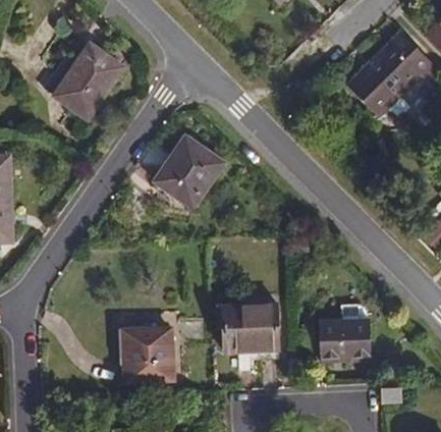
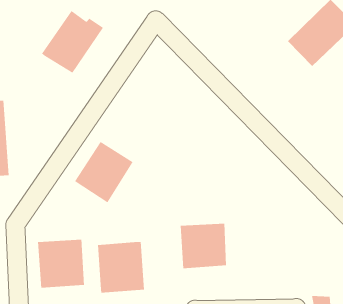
building: [151,133,223,209] -> [74,141,134,203]
building: [318,319,372,361] -> none
building: none -> [37,239,84,288]

